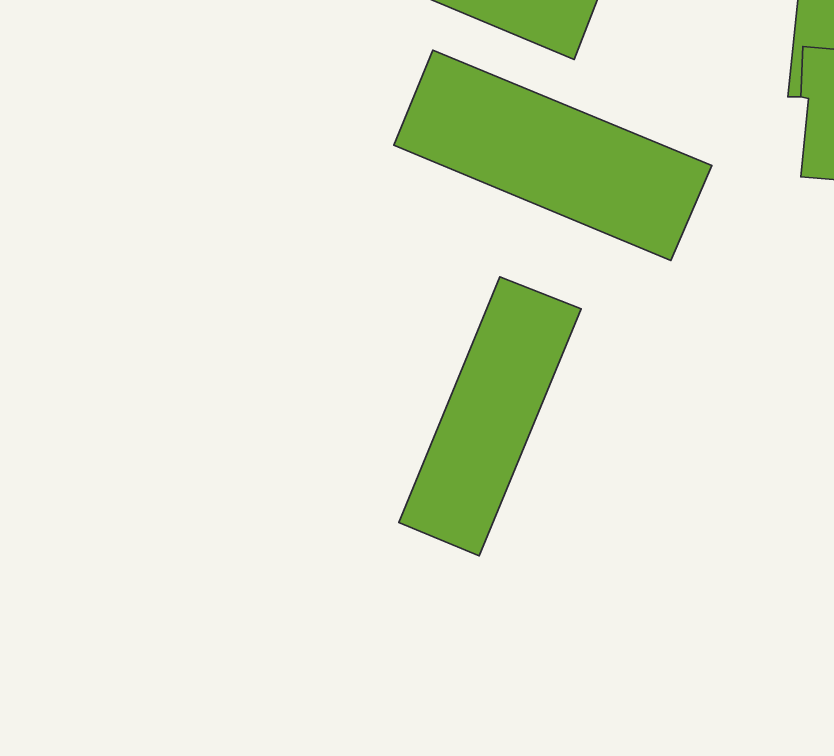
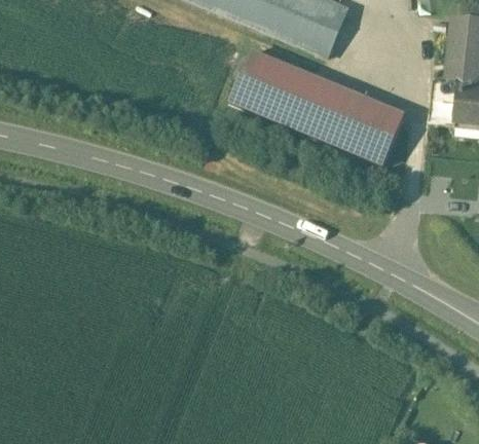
building: [399,277,581,556] -> none

